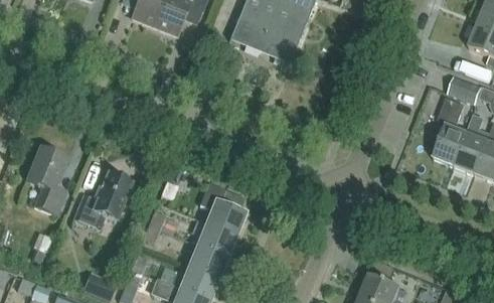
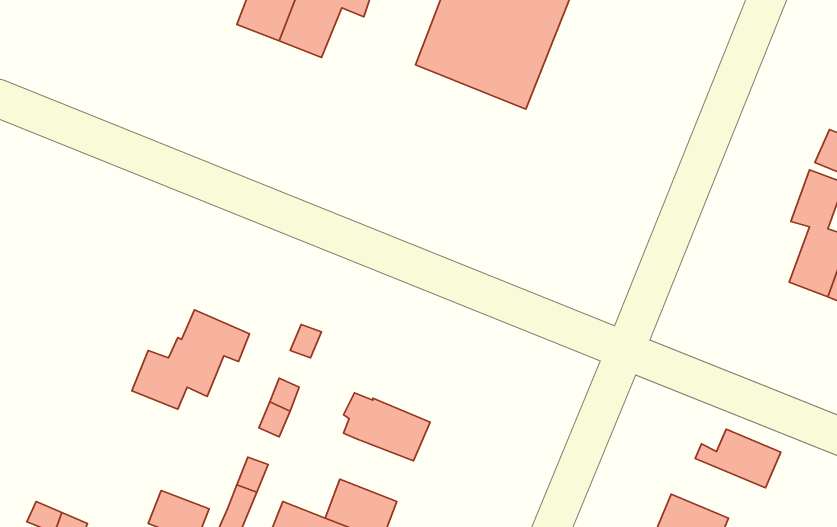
building: [26,145,68,213] -> none
building: [200,181,246,234] -> none
building: none -> [695,429,781,488]
building: [188,243,228,277] -> none

